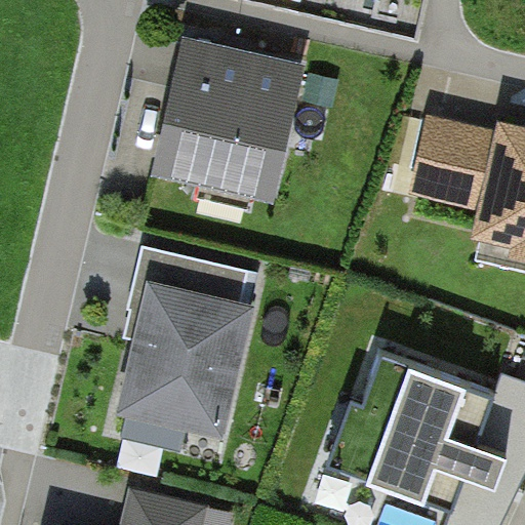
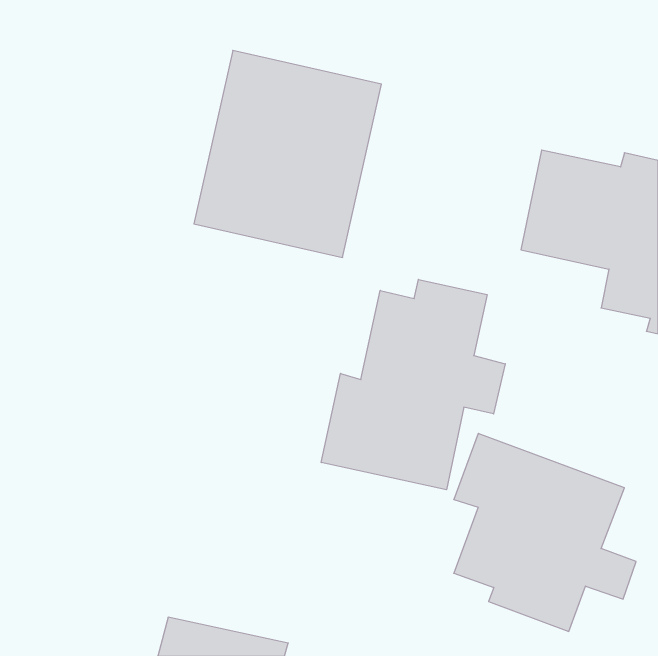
building: none -> [321,279,505,490]
building: [117,251,252,442] -> none

